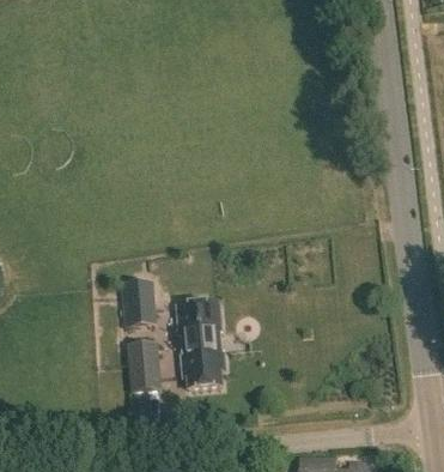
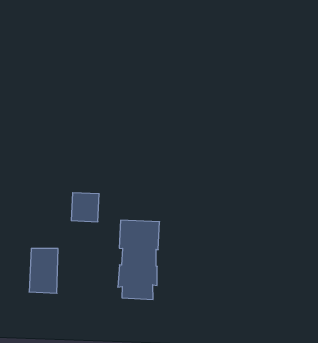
building: [127,339,160,389] -> [29,248,58,293]

